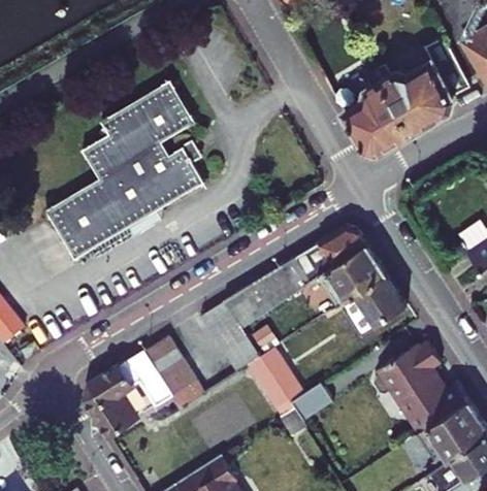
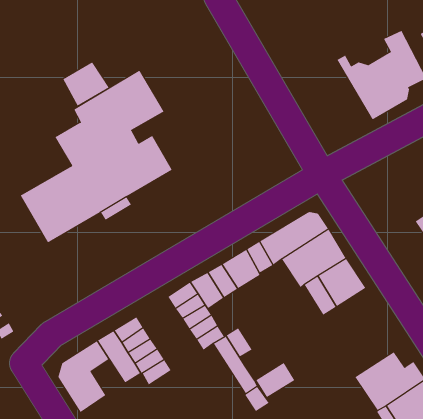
building: [344,69,413,154] -> none
building: none -> [63,62,110,107]
building: [374,341,441,399] -> none

